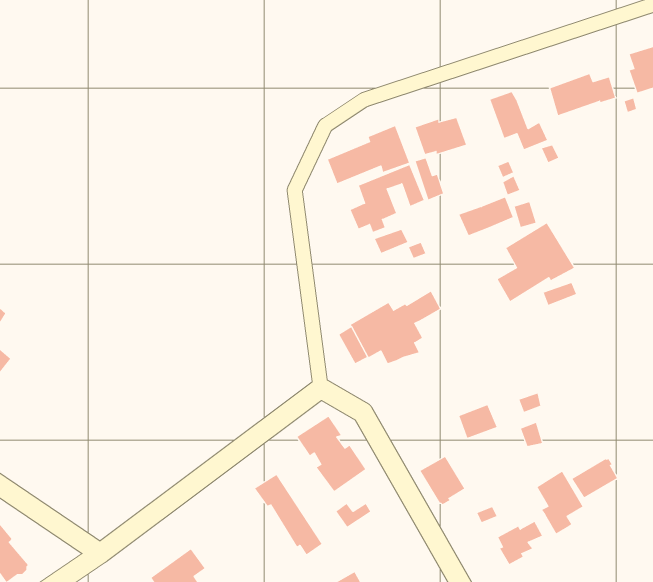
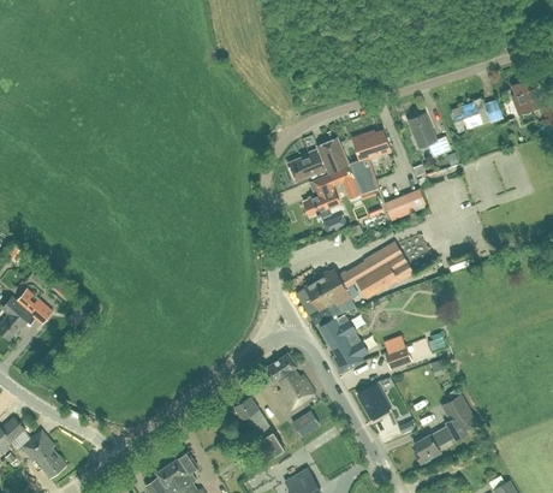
building: [497,222,575,302] -> [357,239,415,298]
building: none -> [319,314,367,372]
building: [572,458,618,498] -> none

